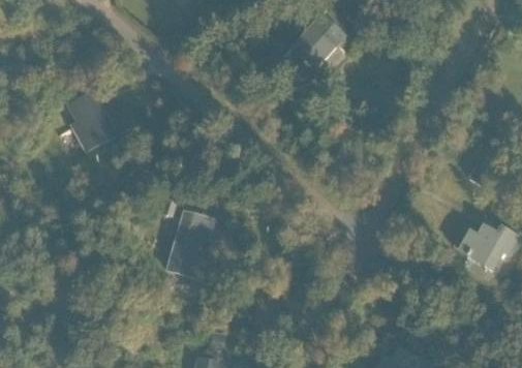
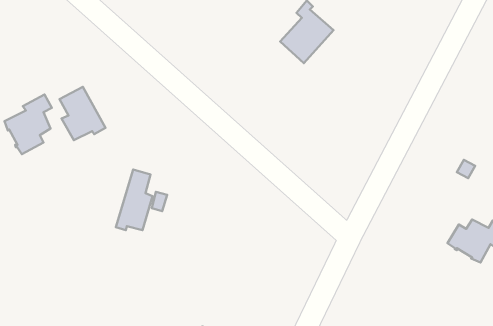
building: none -> [4,94,52,154]
building: [167,210,205,271] -> [116,169,153,230]

